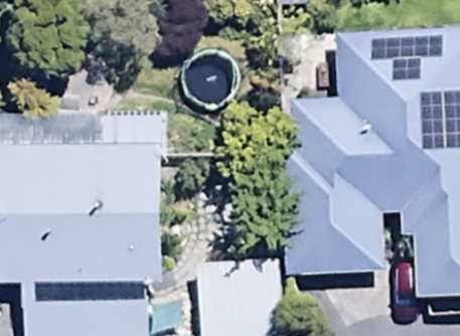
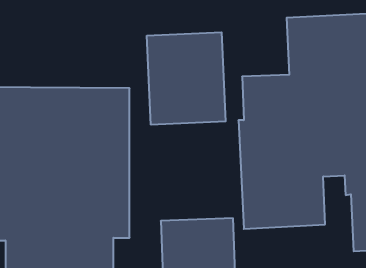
building: none -> [147,32,226,125]

